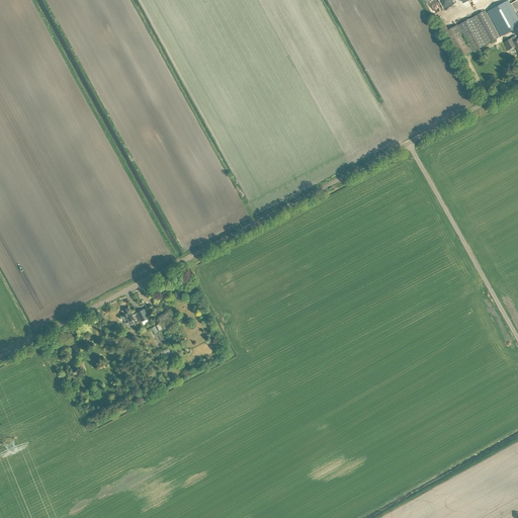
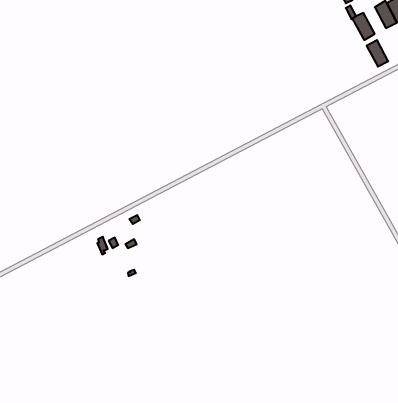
building: [474,9,502,42] -> [367,40,388,67]

